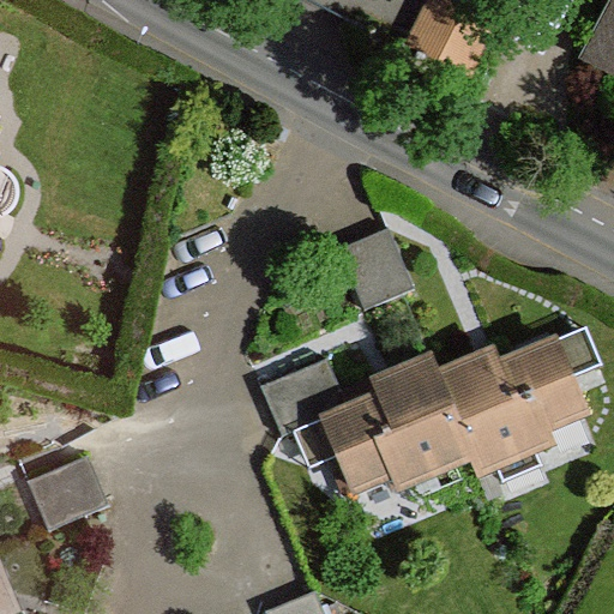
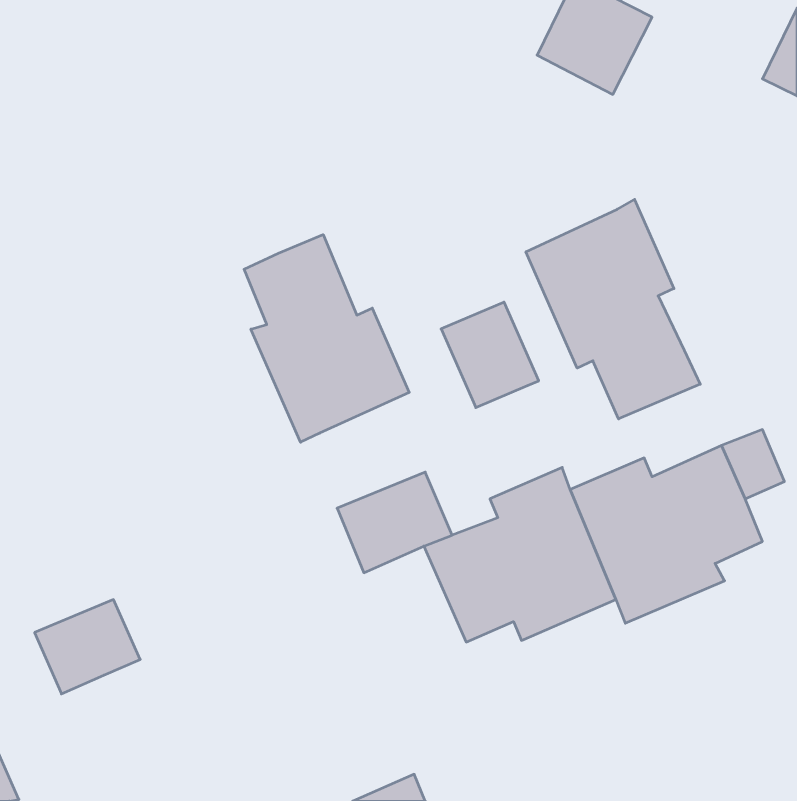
building: none -> [526,199,700,419]
building: none -> [244,235,409,442]

